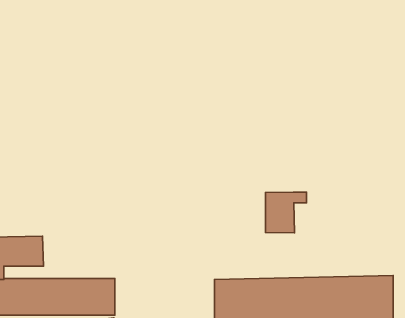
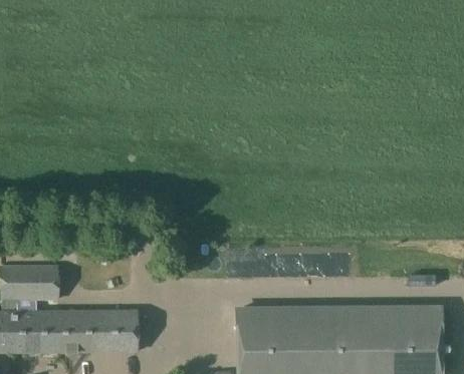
building: [266,192,307,233] -> none

